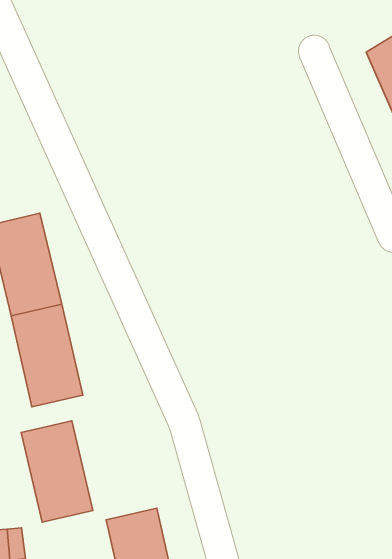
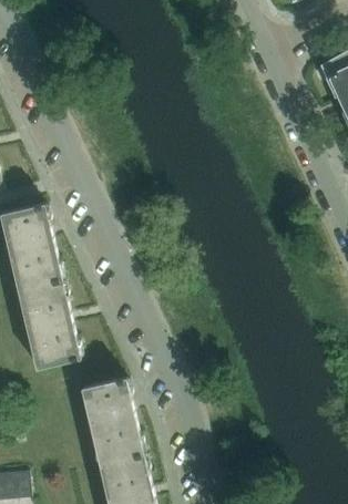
building: [21,421,93,522] -> [81,378,142,464]

